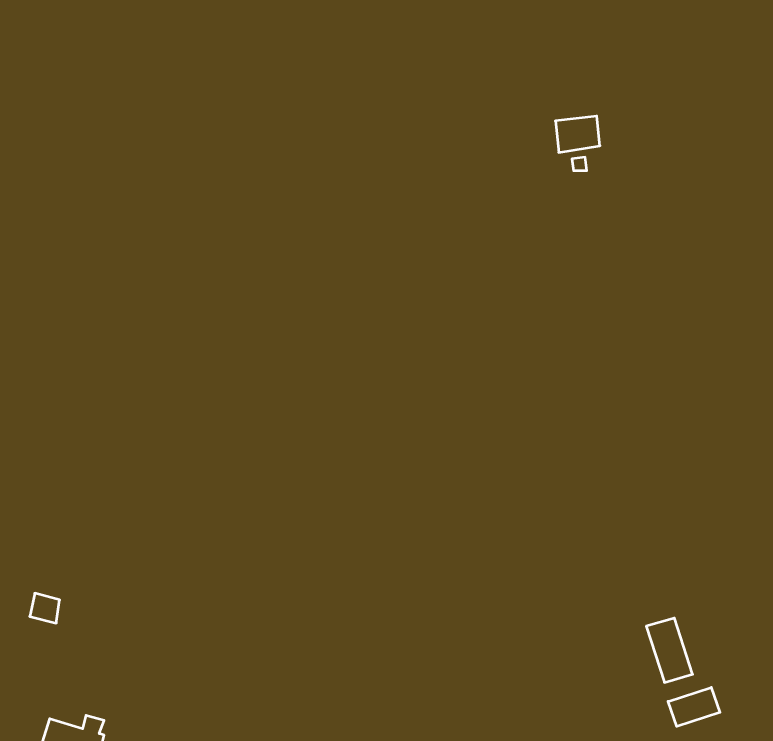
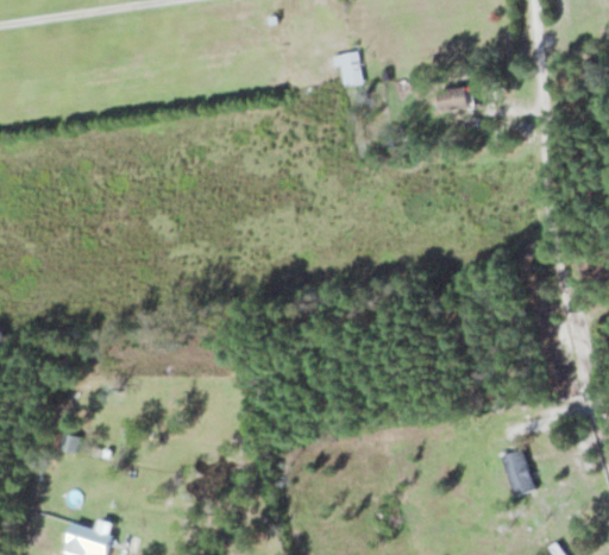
building: none -> [332,52,362,88]
building: [668,687,720,726] -> none

